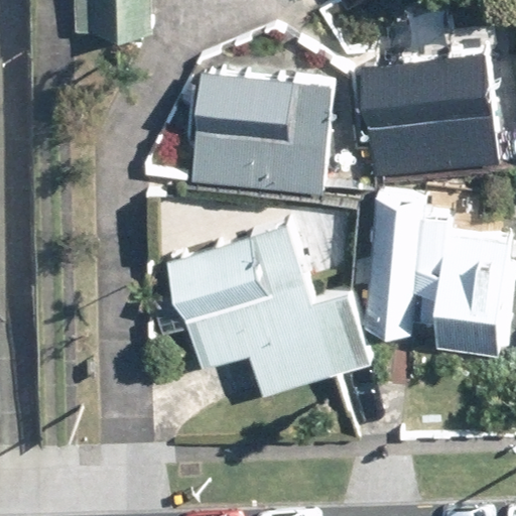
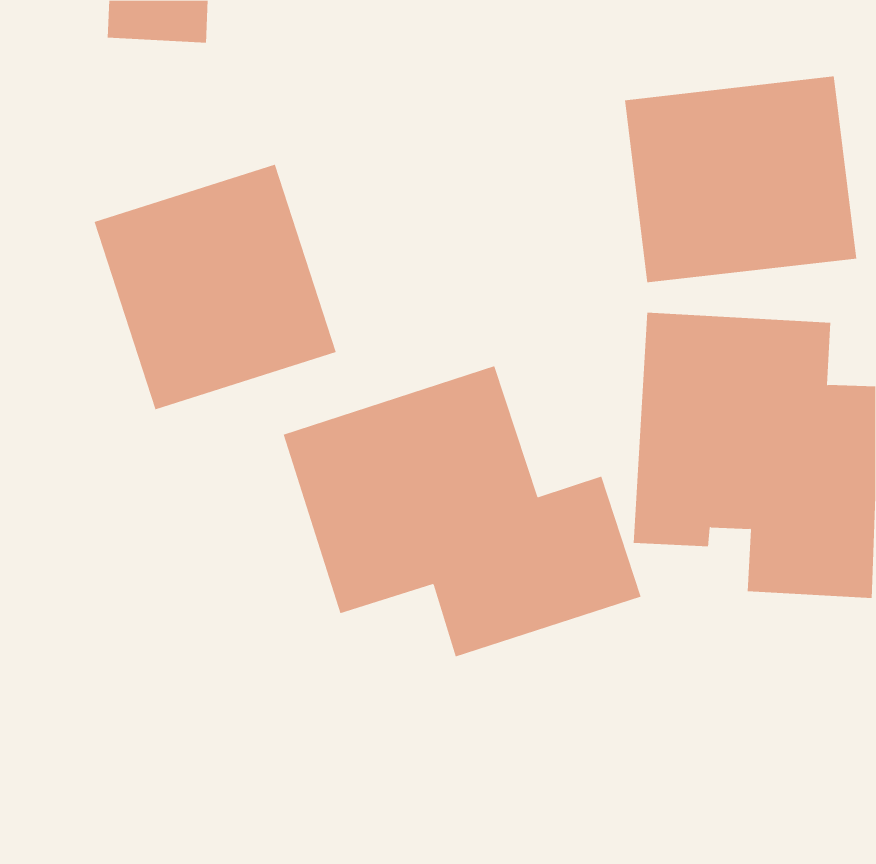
building: [188,70,333,195] -> none
building: none -> [94,164,337,410]

